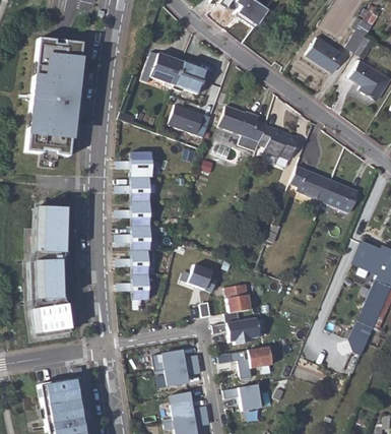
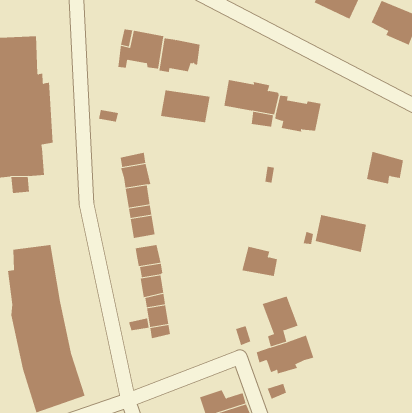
building: [288,166,332,201] -> [315,214,367,252]
building: [188,263,218,291] -> [241,246,278,276]
building: [244,346,272,368] -> none

